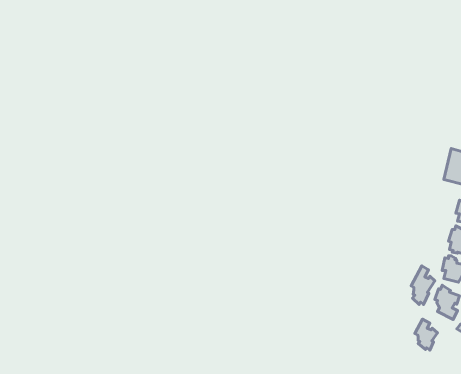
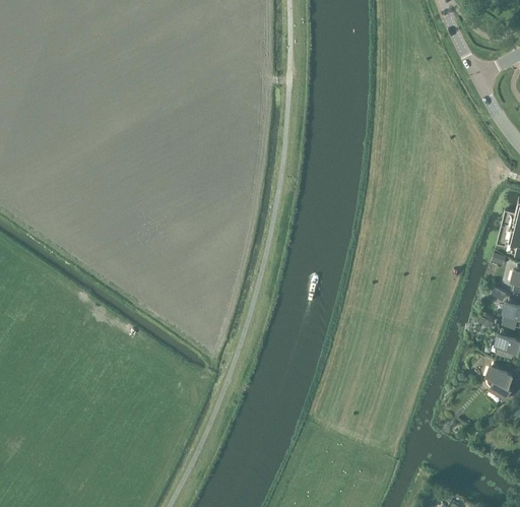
building: [411,266,435,305] -> none
building: [415,319,438,350] -> none

